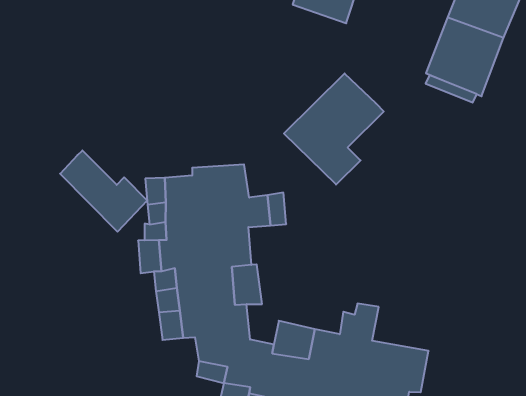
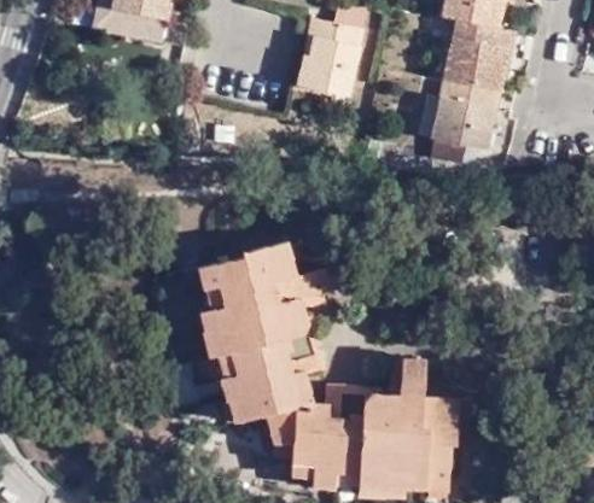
building: [284,73,384,185] -> none
building: [60,150,147,232] -> none

